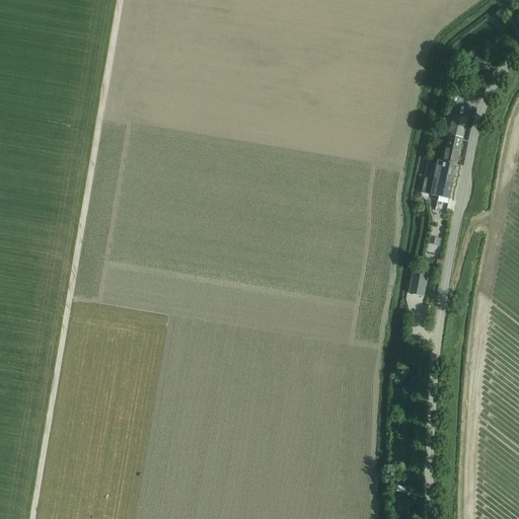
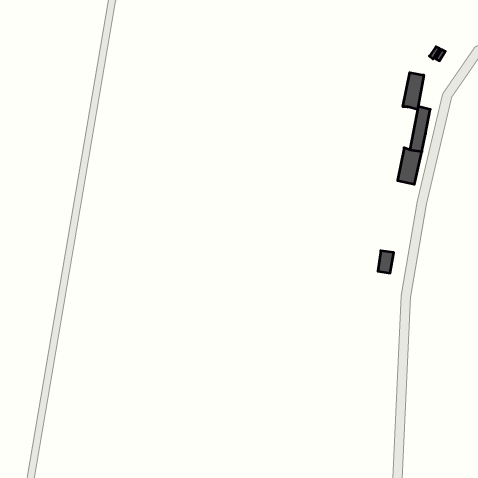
building: none -> [403,73,424,110]

